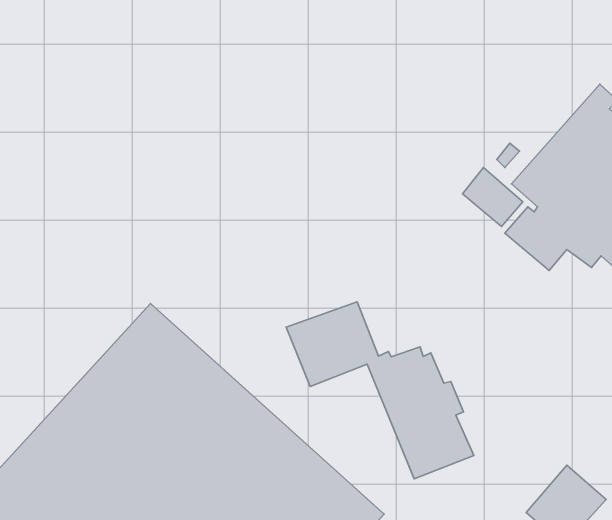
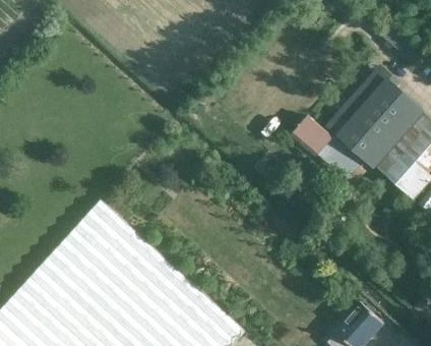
building: [286,302,474,479] -> none

